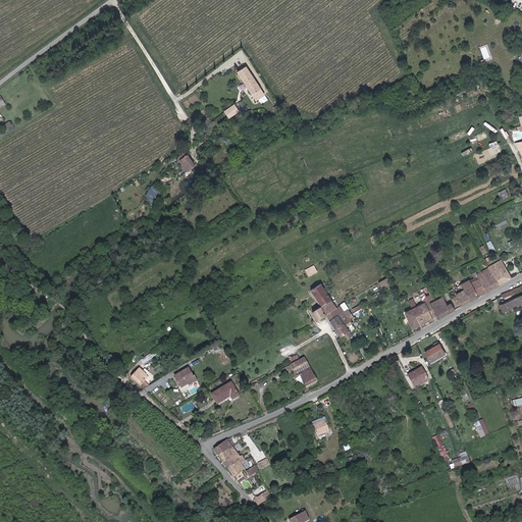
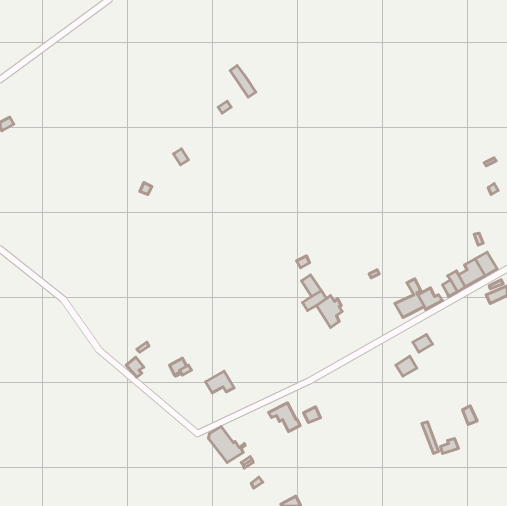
building: [284,356,317,385] -> [269,403,300,431]

